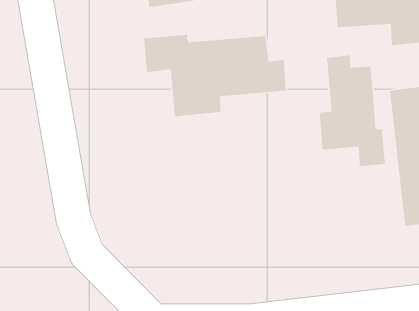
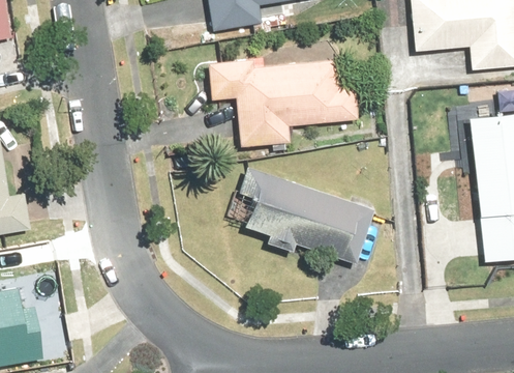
building: [319,55,386,167] -> none
building: none -> [226,166,373,263]

